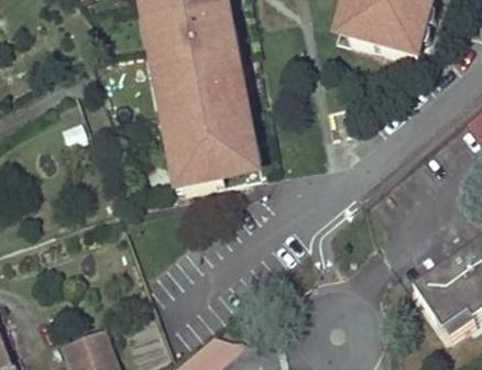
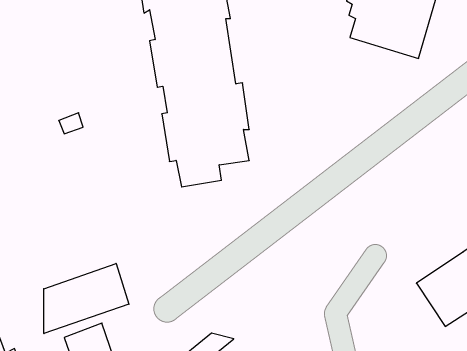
building: none -> [44,263,129,334]

